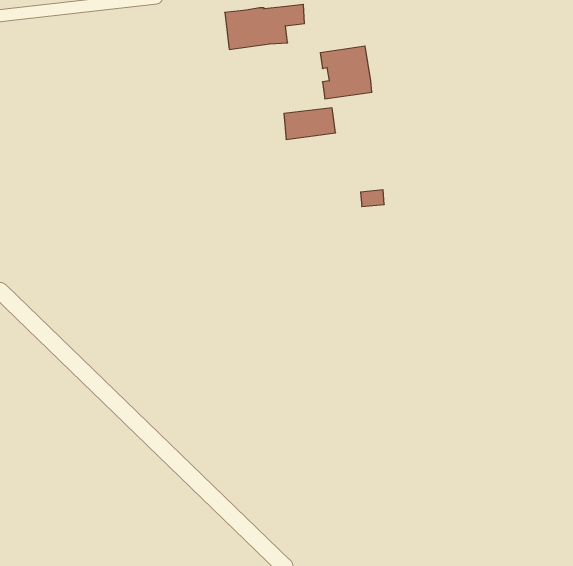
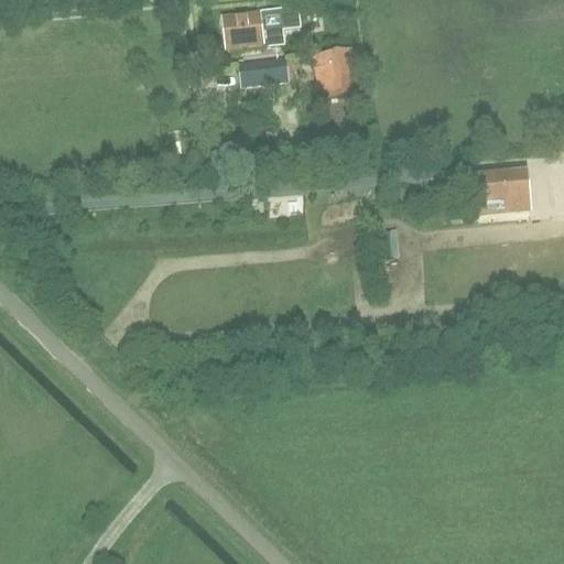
building: [284,108,336,139] -> [239,55,290,86]
building: none -> [478,171,529,209]

